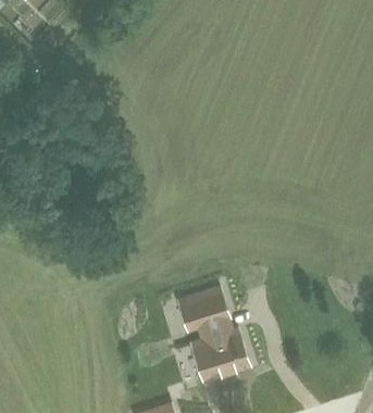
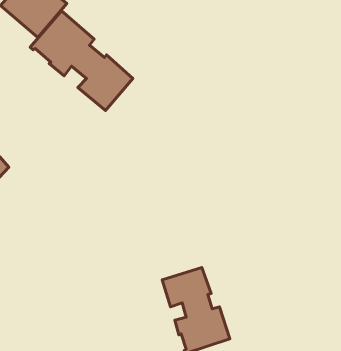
building: none -> [30,11,133,111]

